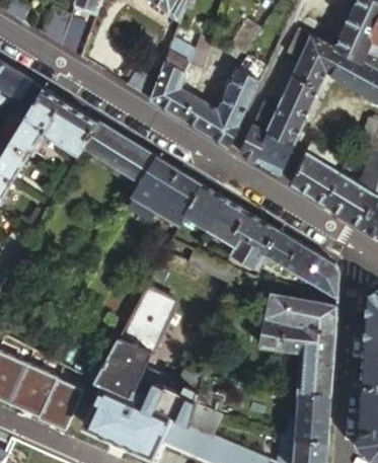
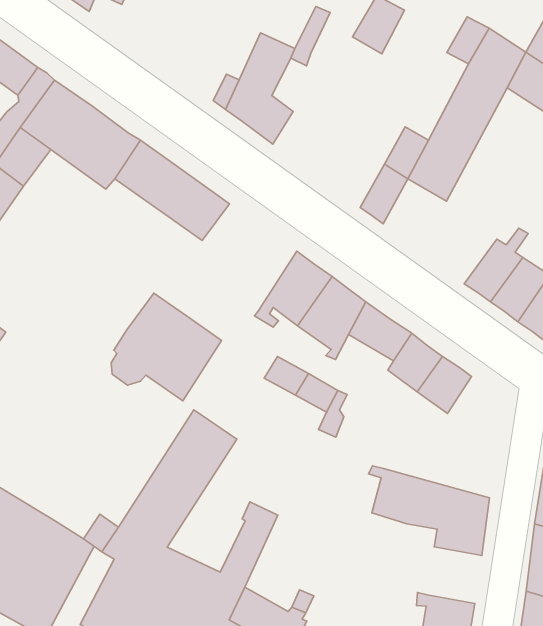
building: [181,58,267,148] -> none
building: [254,134,293,178] -> none
building: [291,141,326,197] -> none
building: [134,158,202,224] -> [111,293,221,401]
building: [228,234,268,269] -> none
building: [304,254,338,298] -> none
building: [259,281,336,329] -> none
building: [300,363,332,396] -> none

